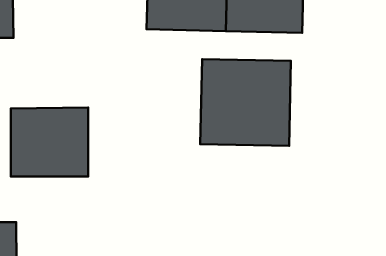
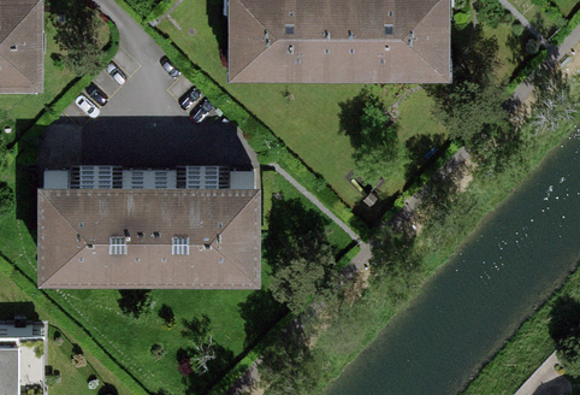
building: [200,59,291,146] -> none
building: none -> [146,183,258,279]

